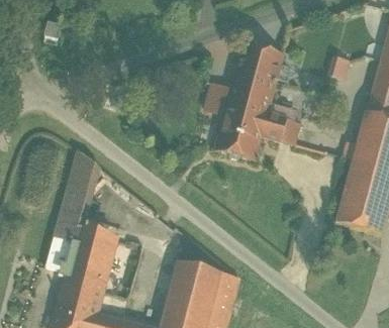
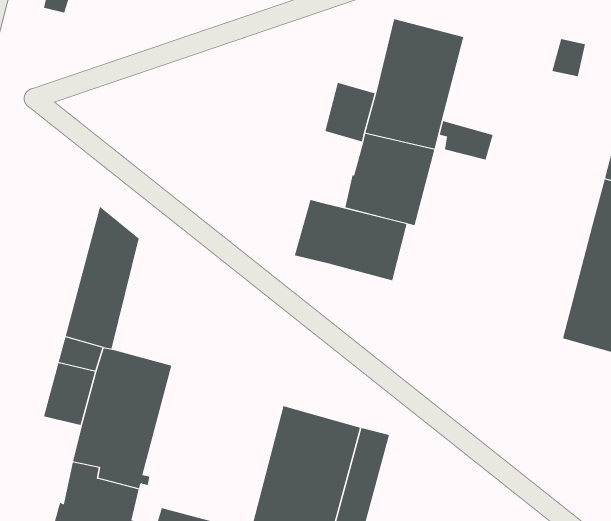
building: [260,109,298,144] -> none
building: none -> [294,199,407,281]

